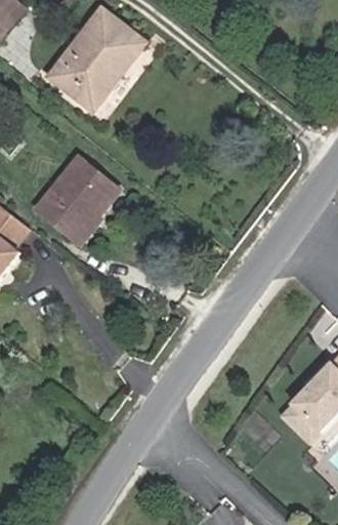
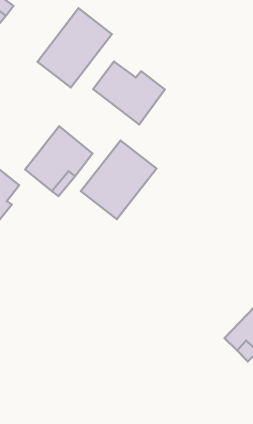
building: none -> [93,62,165,125]
building: none -> [81,140,157,219]

